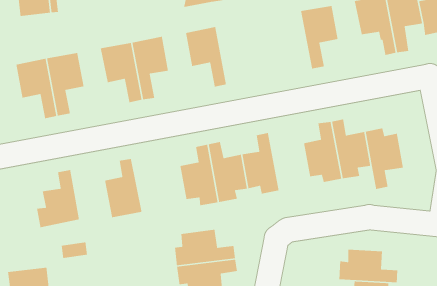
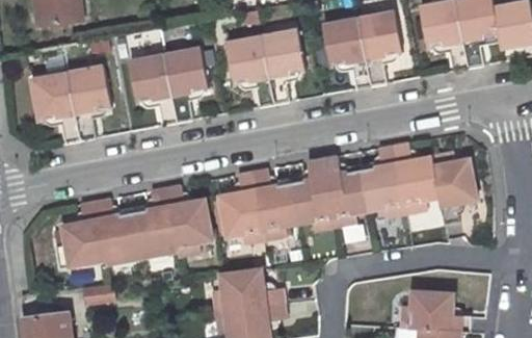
building: none -> [322,18,370,87]
building: none -> [261,29,304,103]
building: none -> [321,155,368,225]
building: none -> [164,184,211,254]
building: none -> [95,198,141,263]

